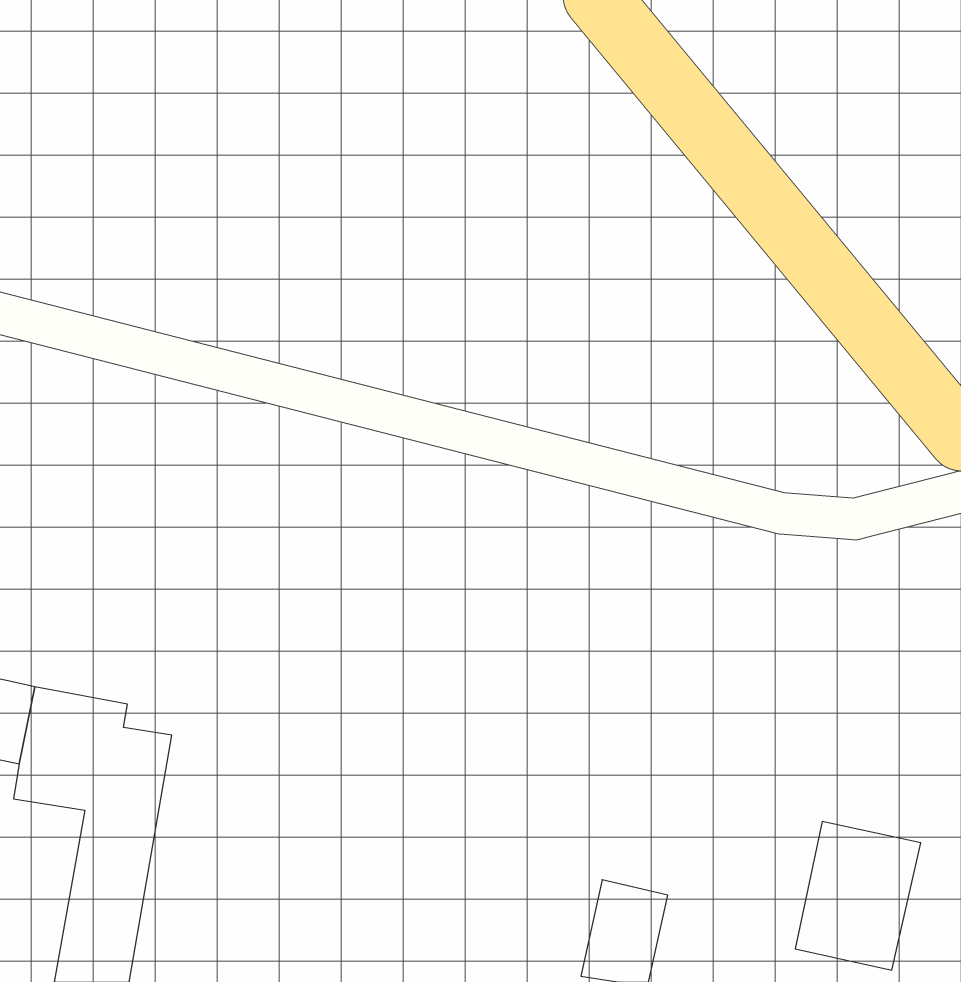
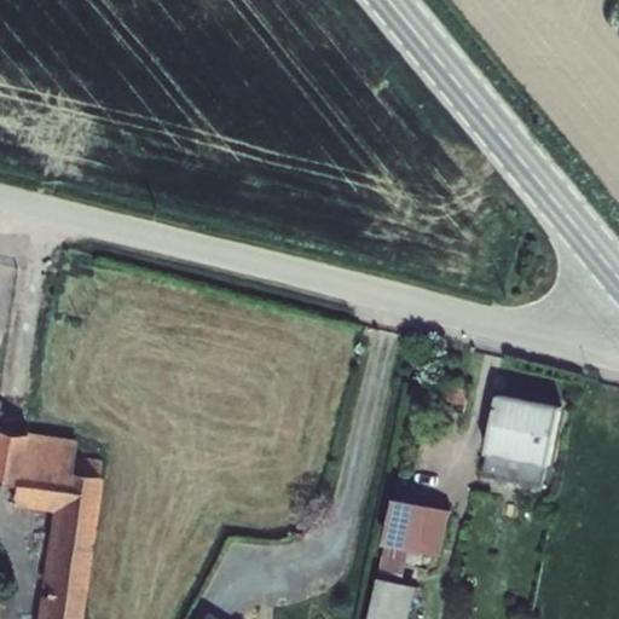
building: none -> [377,503,444,563]
building: [795,822,921,970] -> [481,401,560,494]

